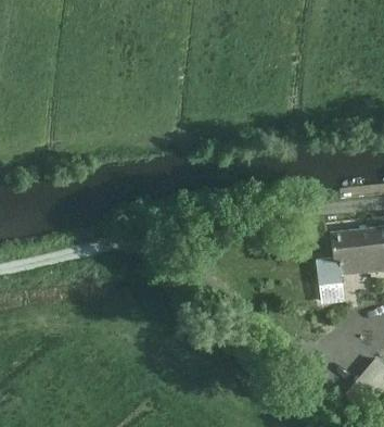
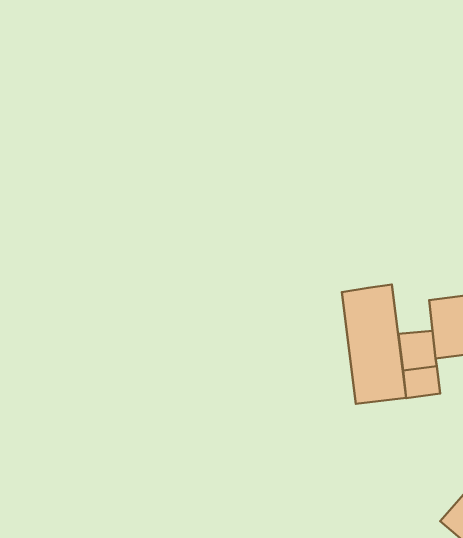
building: none -> [342,284,406,404]

